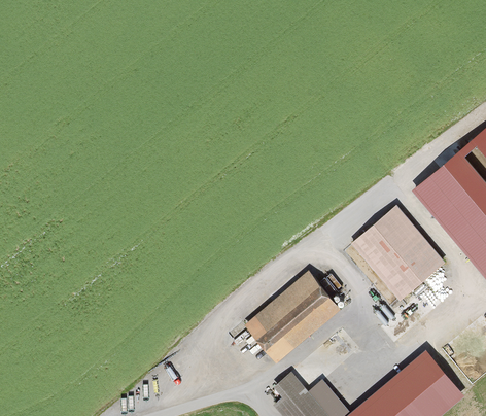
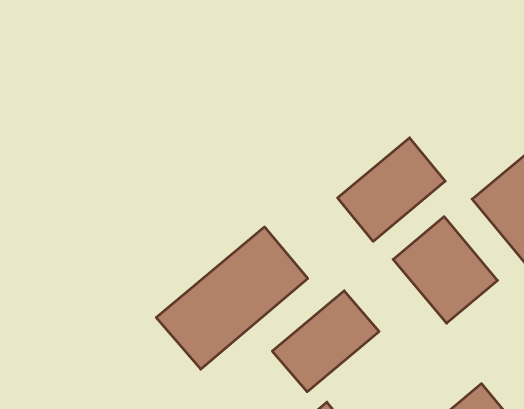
building: none -> [338,138,445,241]
building: none -> [156,227,308,369]

